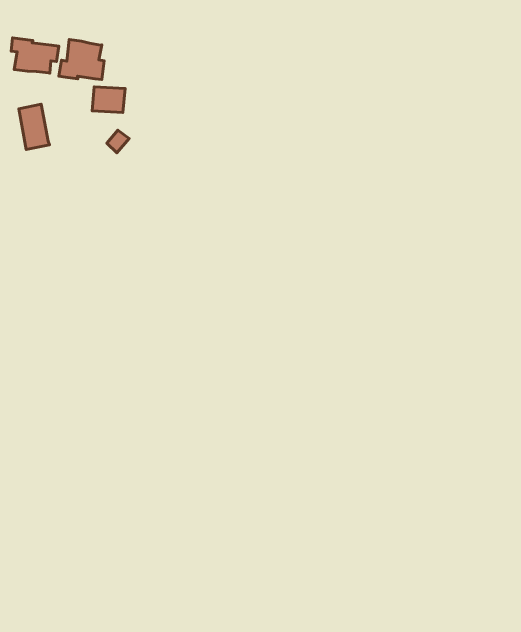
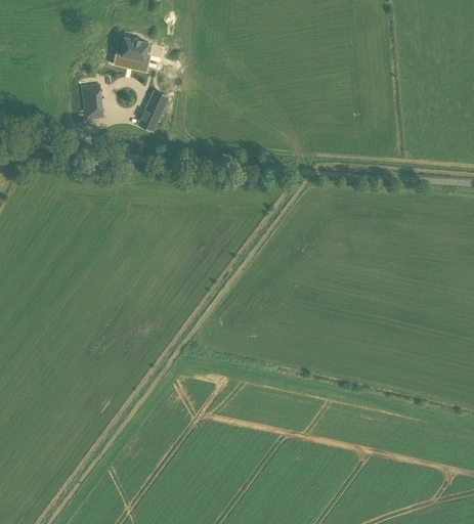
building: [11,38,59,73] -> none

